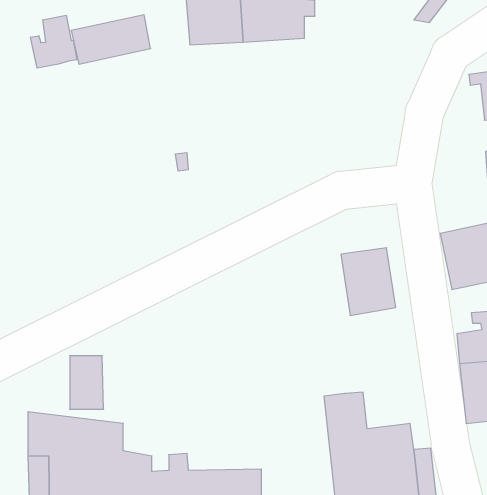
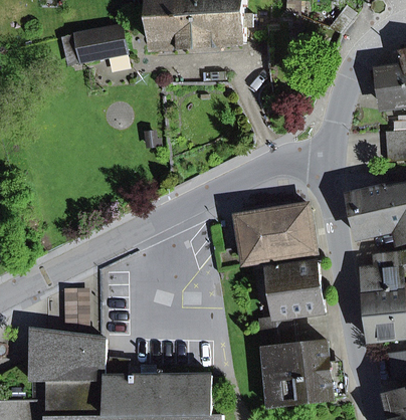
building: [31,15,77,68] -> none
building: none -> [235,211,277,263]
building: none -> [266,260,322,319]

